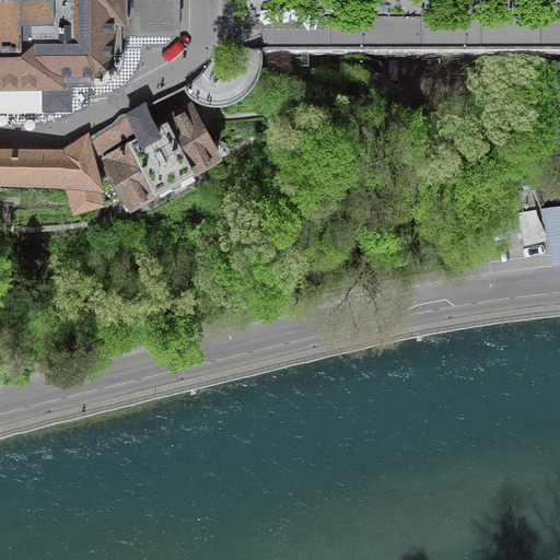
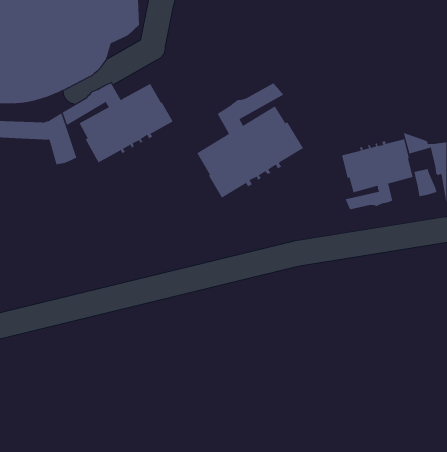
building: none -> [196,82,304,198]
building: none -> [342,138,413,210]

